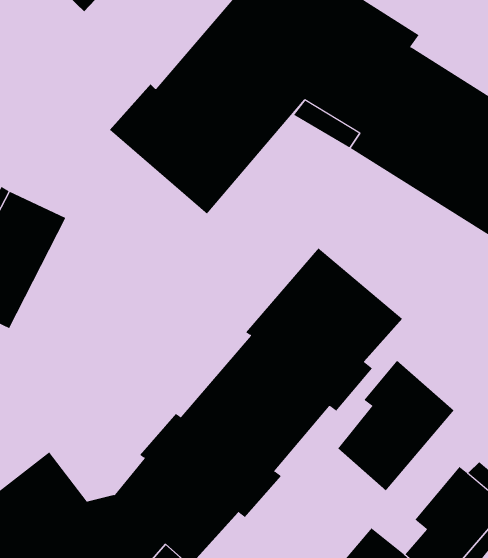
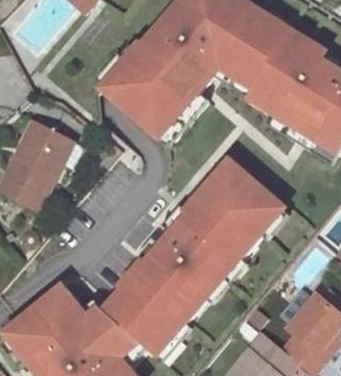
building: [337,360,454,491] -> none

